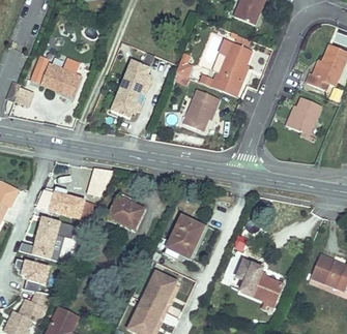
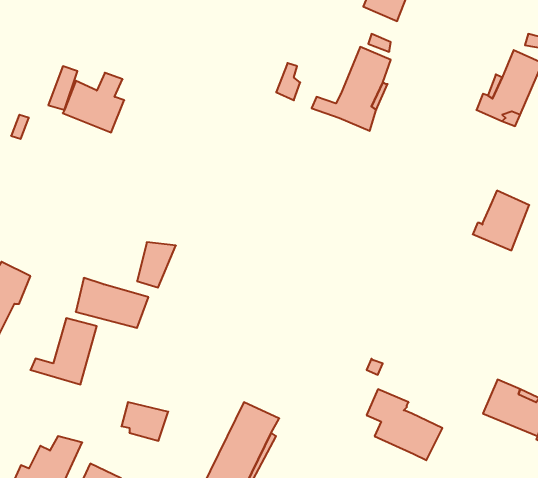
building: [111,59,152,117] -> none
building: [182,89,219,131] -> none
building: [284,96,320,134] -> [473,191,529,250]
building: [108,194,145,230] -> none
building: [163,213,207,260] -> none
building: [22,259,52,283] -> [121,402,168,441]

